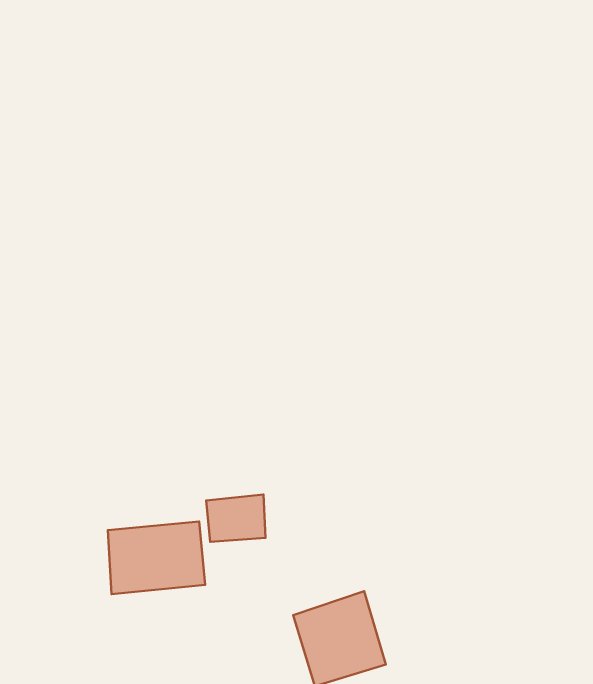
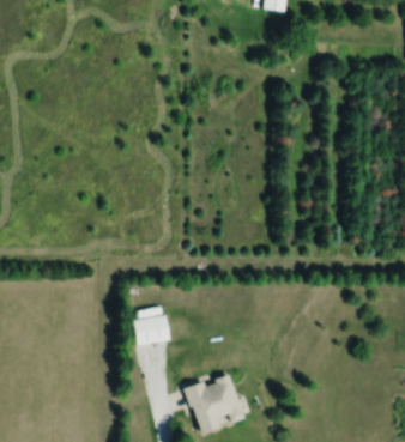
building: [108,522,205,594] -> none

